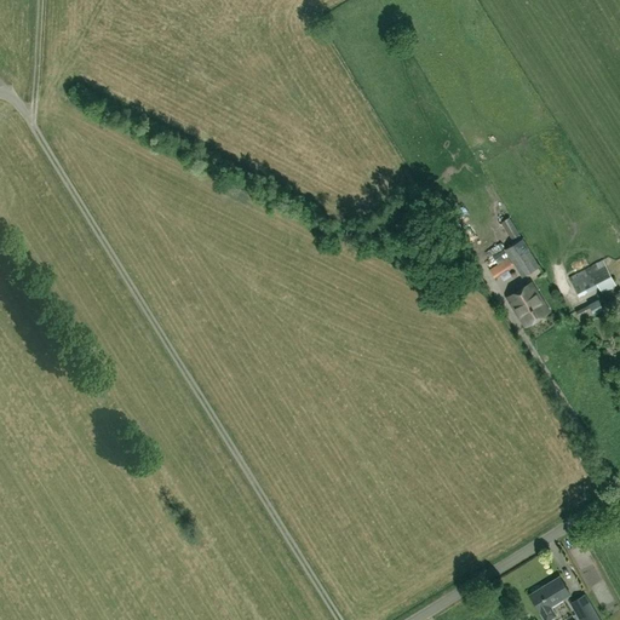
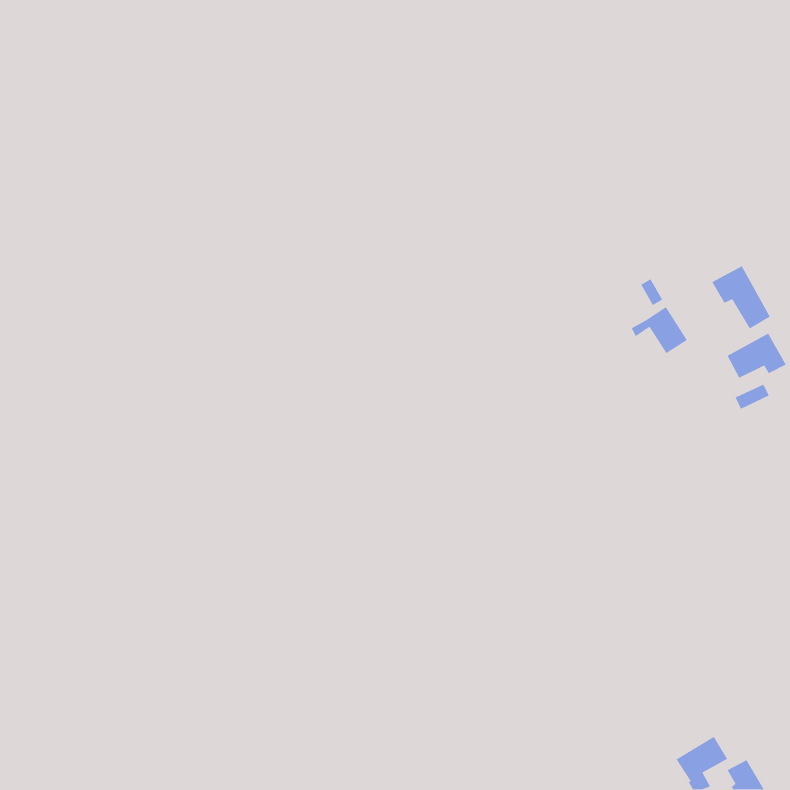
building: none -> [711,265,771,329]
building: [507,282,549,326] -> none

